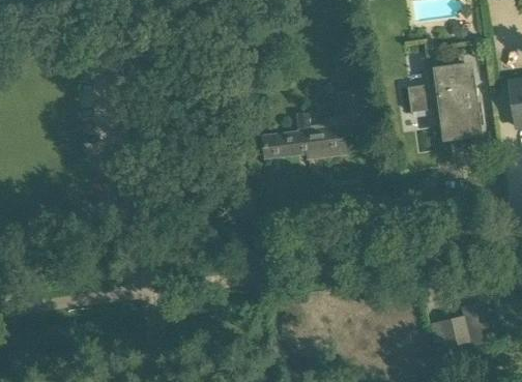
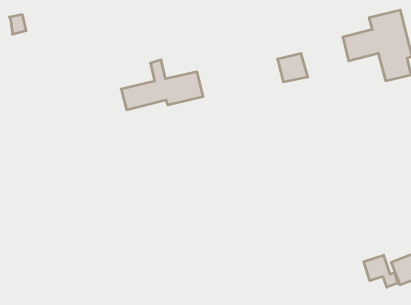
building: [264,113,347,159] -> [121,60,203,110]
building: none -> [364,255,398,287]

